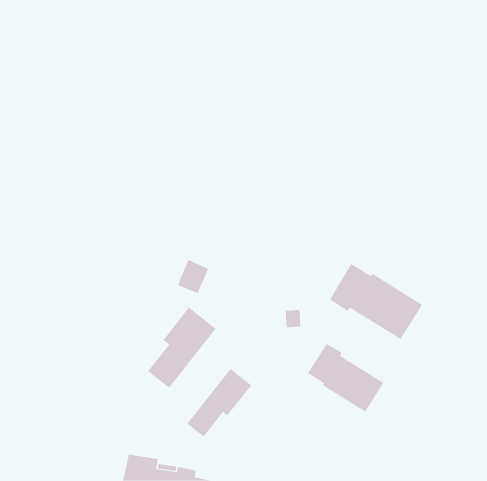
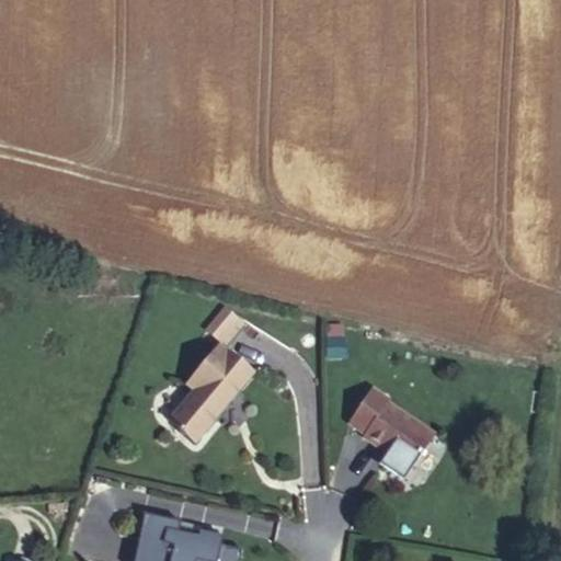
building: [329,263,423,340] -> none
building: [187,368,252,437] -> none

